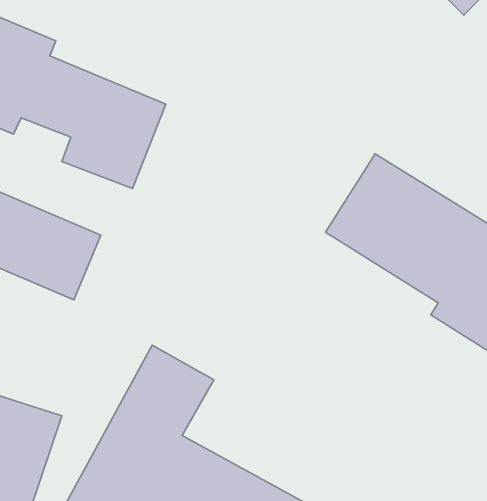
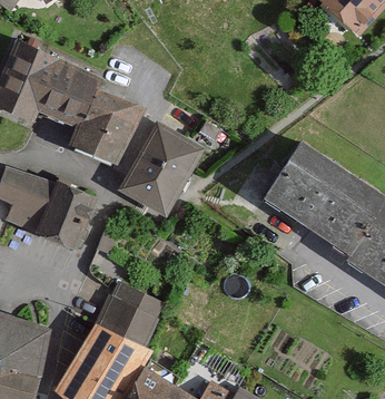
building: none -> [117,123,203,216]

